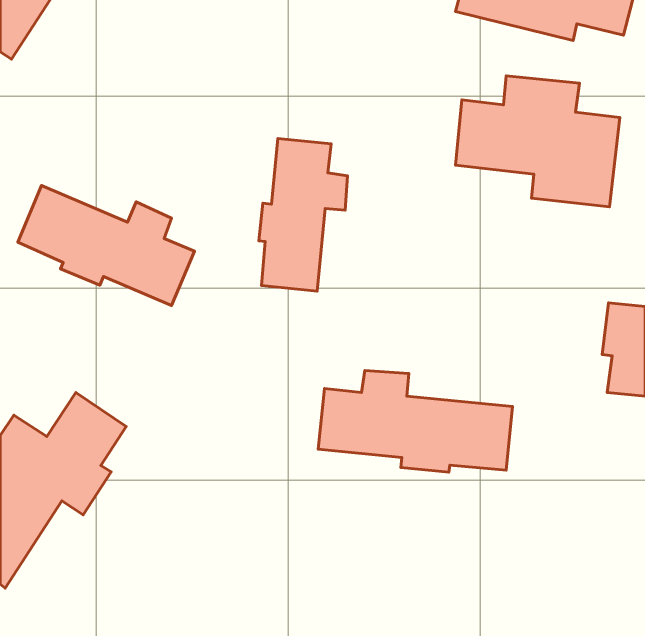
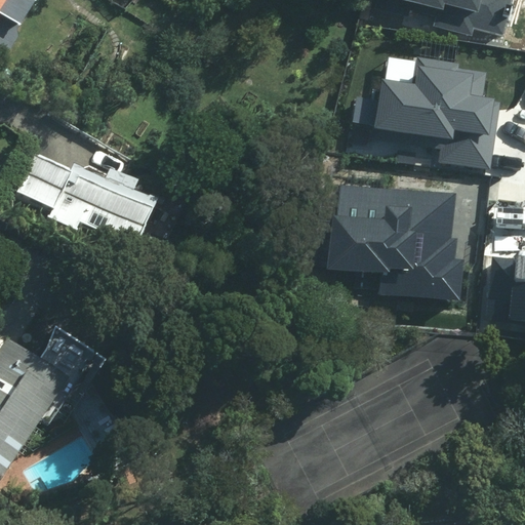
building: [259,138,347,291] -> none
building: none -> [332,174,463,292]
building: [318,370,512,472] -> none

